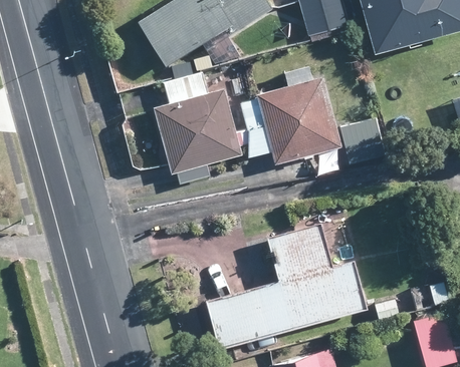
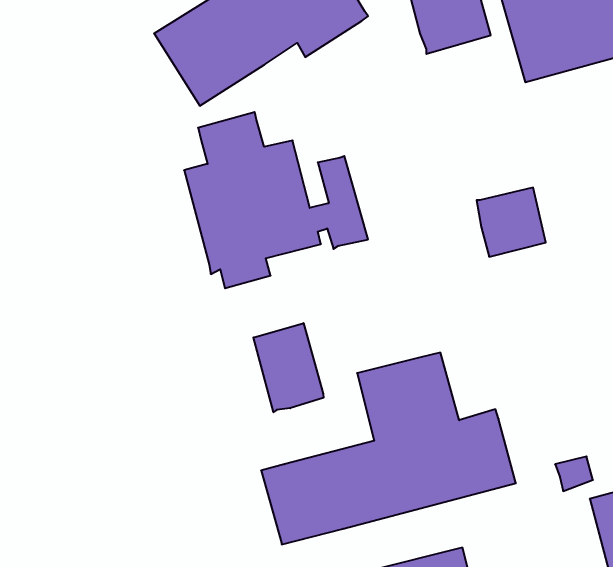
building: [257,67,340,164] -> none
building: none -> [253,323,324,412]

